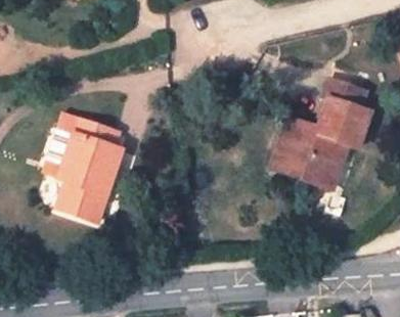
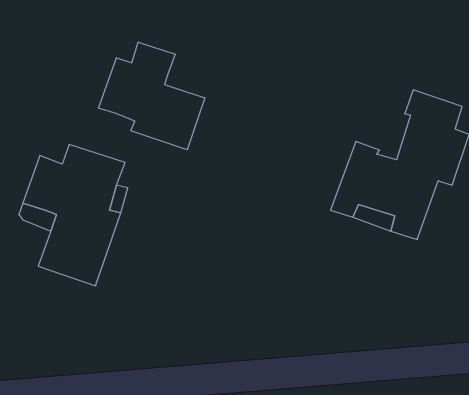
building: none -> [99,42,205,150]

